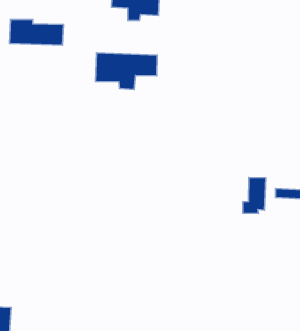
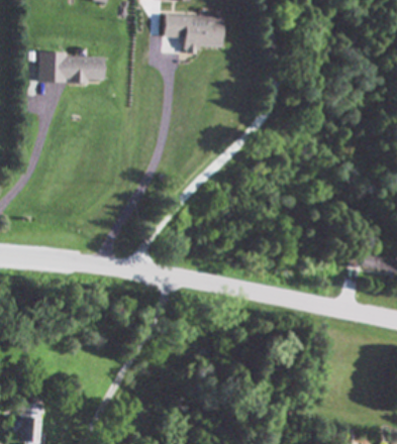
building: [95,53,157,90] -> none
building: [243,177,266,214] -> none

